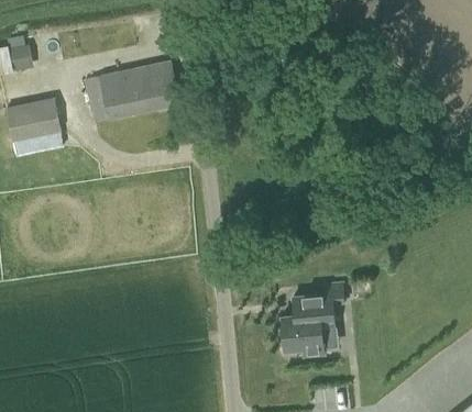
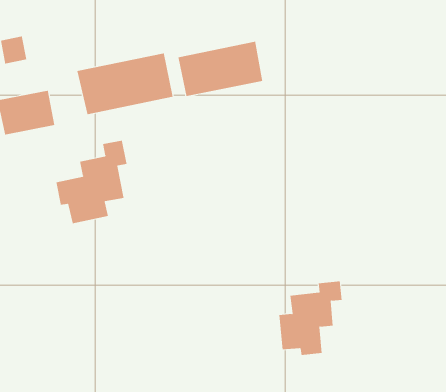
building: none -> [178,41,263,97]
building: none -> [56,140,127,224]

